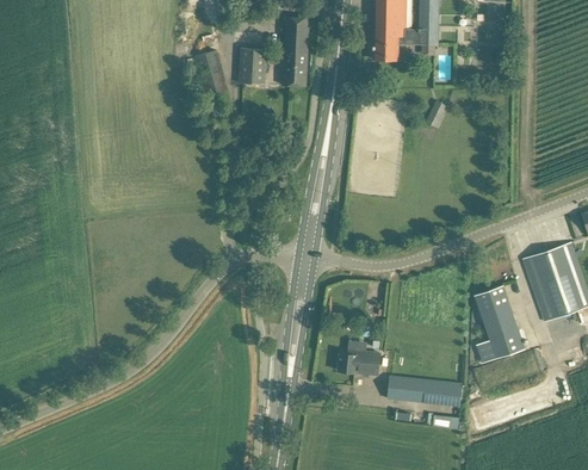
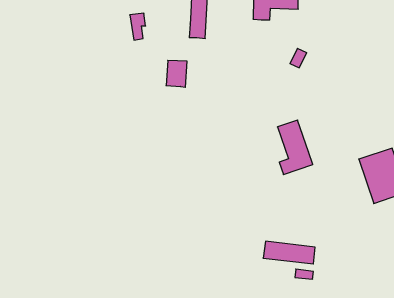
building: [236,47,266,85] -> [166,60,187,87]
building: [474,285,524,363] -> [277,120,313,175]
building: [336,350,379,375] -> none

